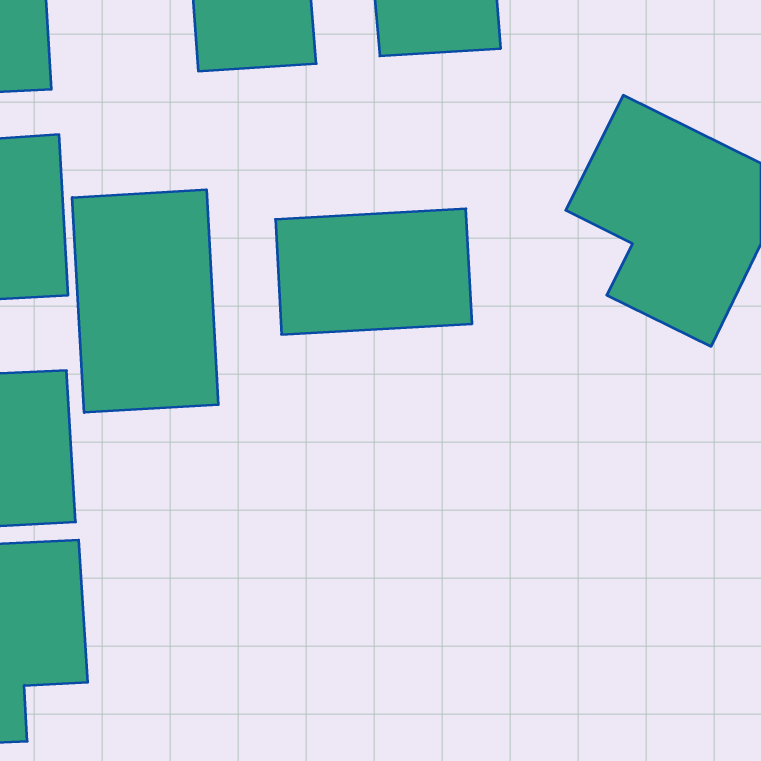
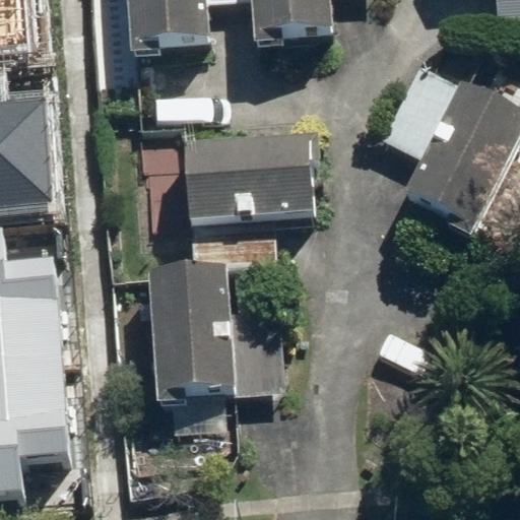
building: [72,190,218,413] -> none
building: none -> [149,268,284,400]

